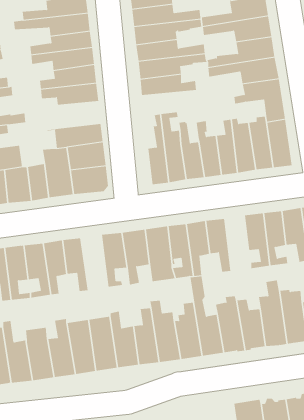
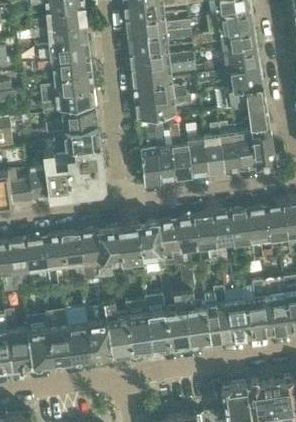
building: none -> [134,95,190,120]
building: none -> [45,109,97,133]
building: none -> [212,212,234,264]
building: none -> [78,230,101,282]

